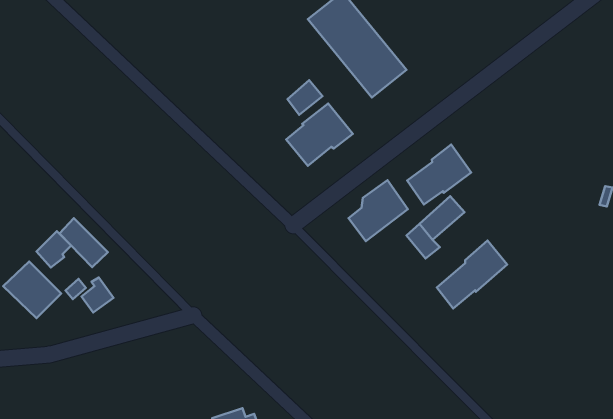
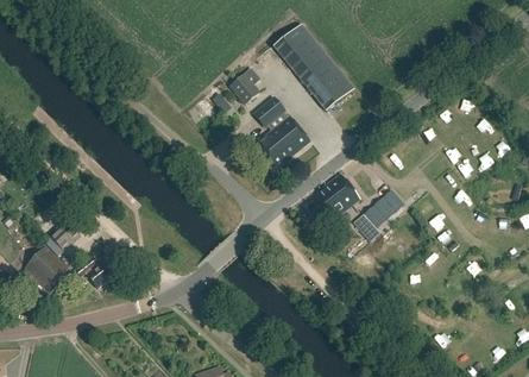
building: none -> [228,68,259,103]
building: [407,145,471,205] -> none
building: [60,218,108,267] -> none
building: [437,240,507,309] -> none

